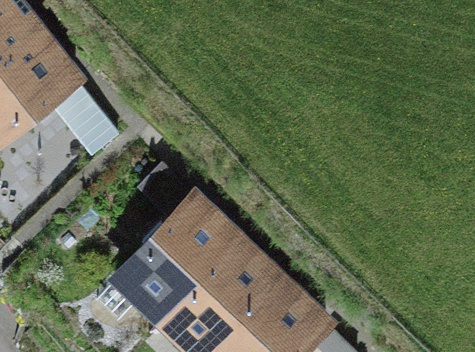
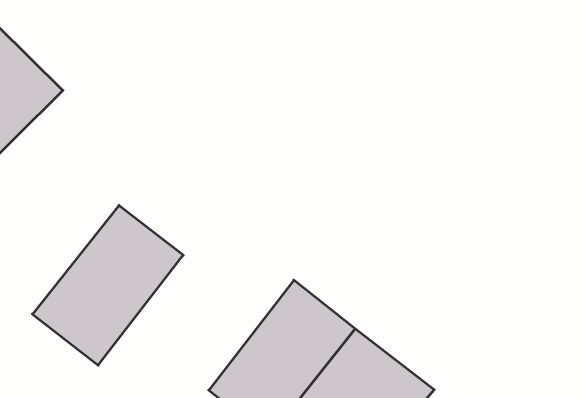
building: [120,196,235,312] -> [32,205,183,365]

